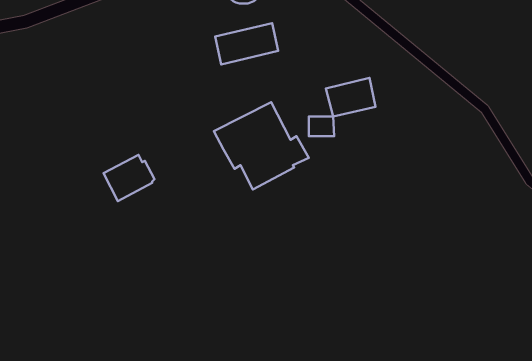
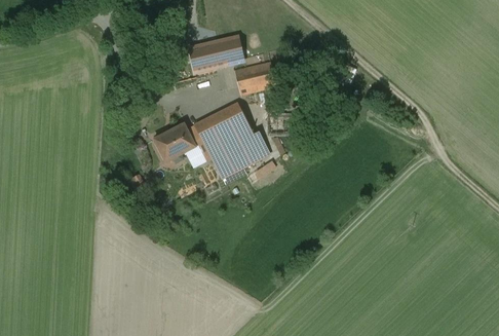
building: [326,78,376,117] -> [234,60,276,92]
building: [103,155,154,201] -> [154,121,197,160]

